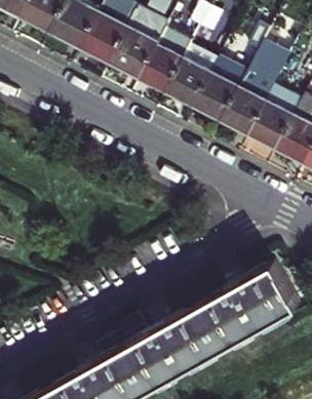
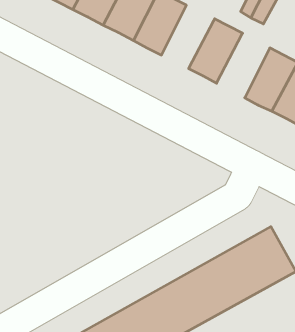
building: [168,46,220,107] -> none
building: [223,72,275,135] -> none

